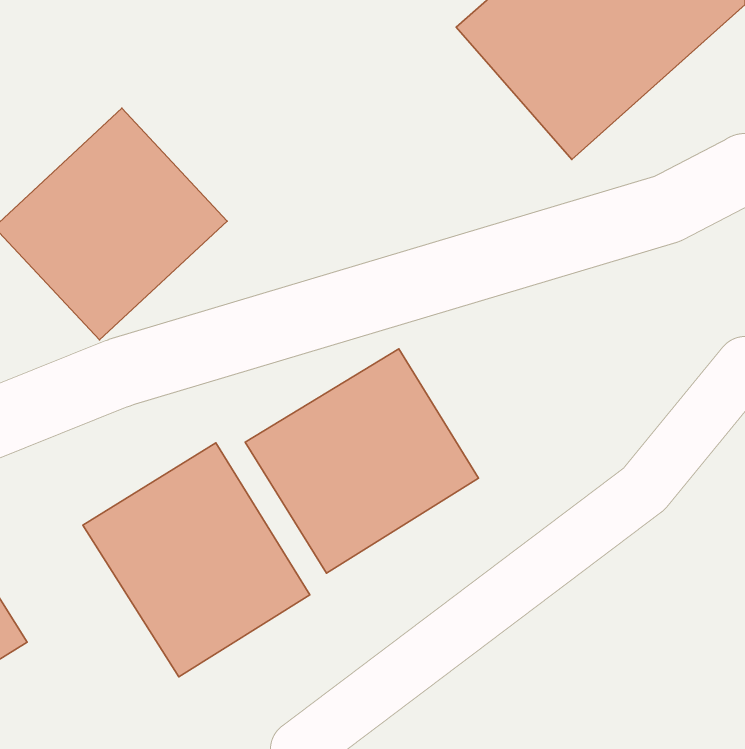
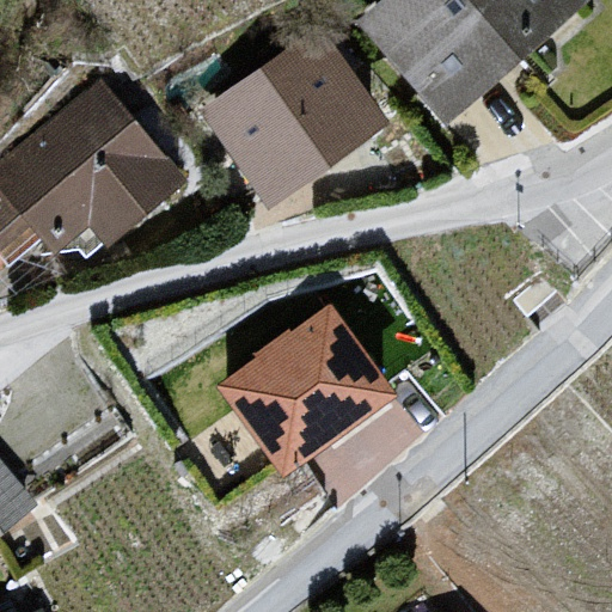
building: none -> [209,33,381,201]
building: [83,443,310,677] -> none

